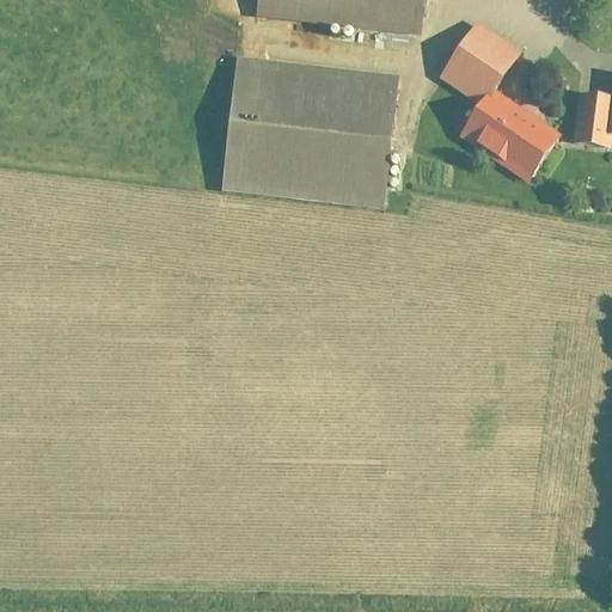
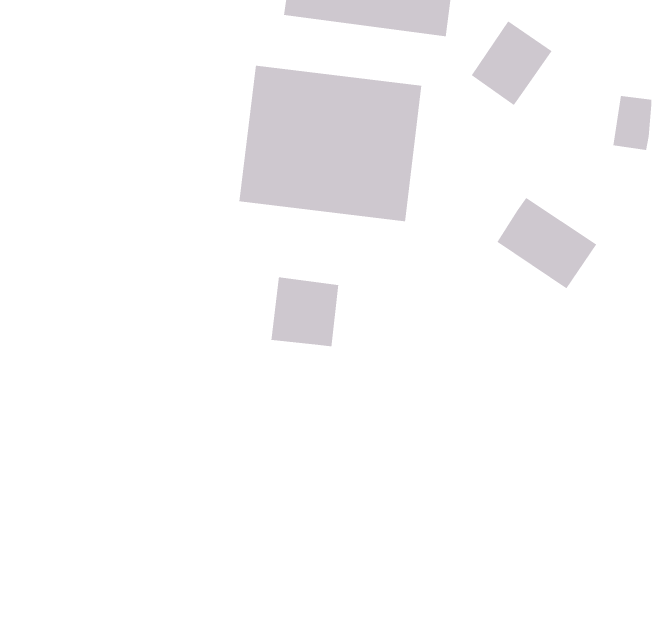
building: [463,87,557,173] -> [496,197,597,289]
building: none -> [271,277,339,347]

